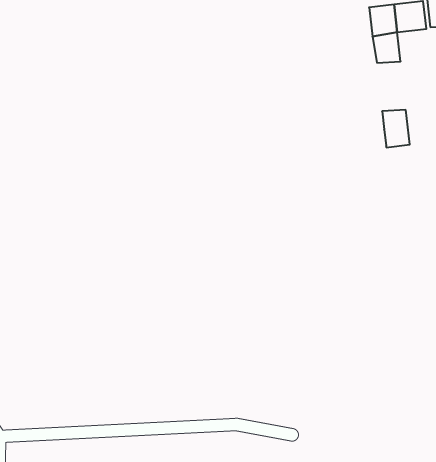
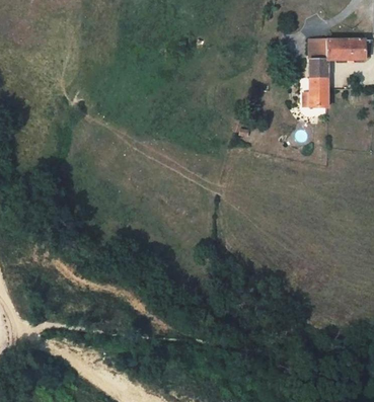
building: [382,110,410,147] -> [310,80,327,106]

